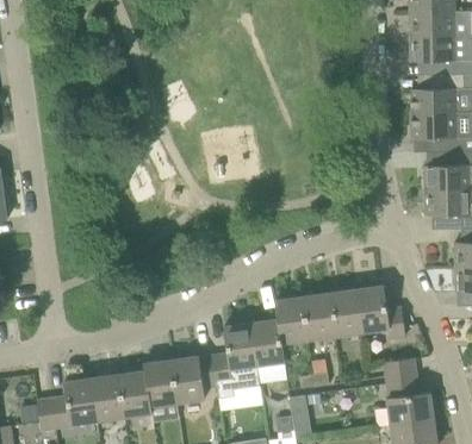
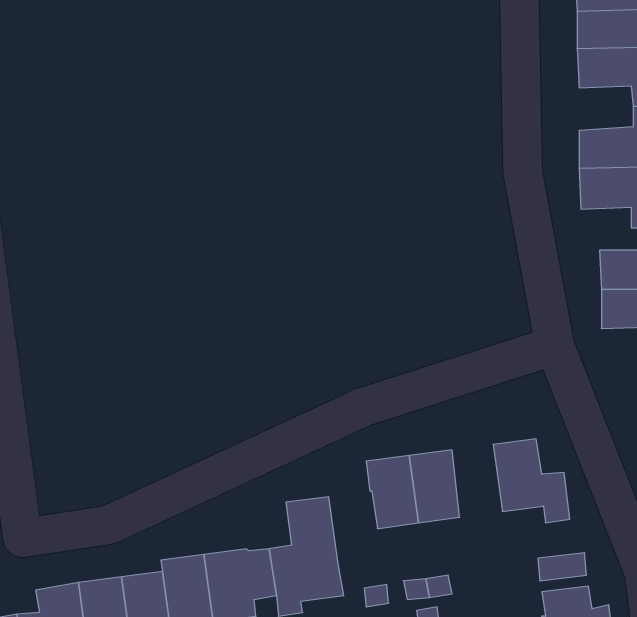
building: [329,290,361,337] -> none
building: [250,320,285,367] -> none

